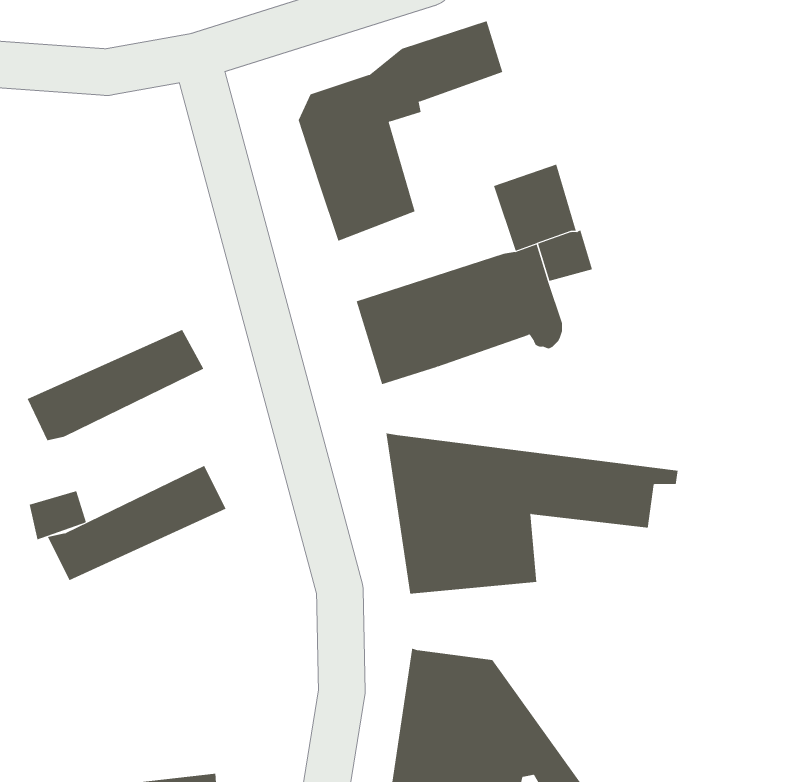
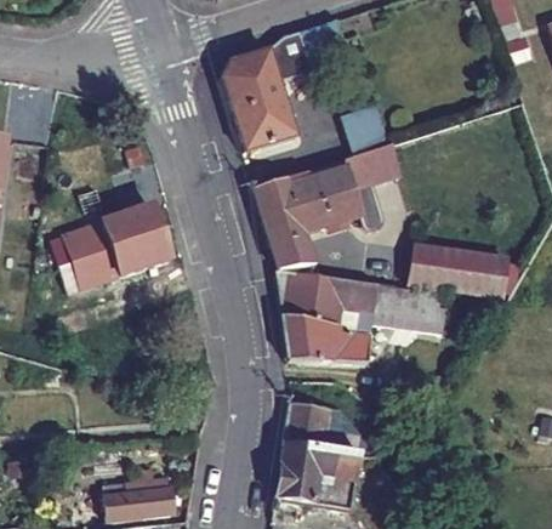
building: none -> [272,229,315,271]
building: none -> [416,249,494,290]
building: [47,465,226,581] -> [68,231,177,301]

